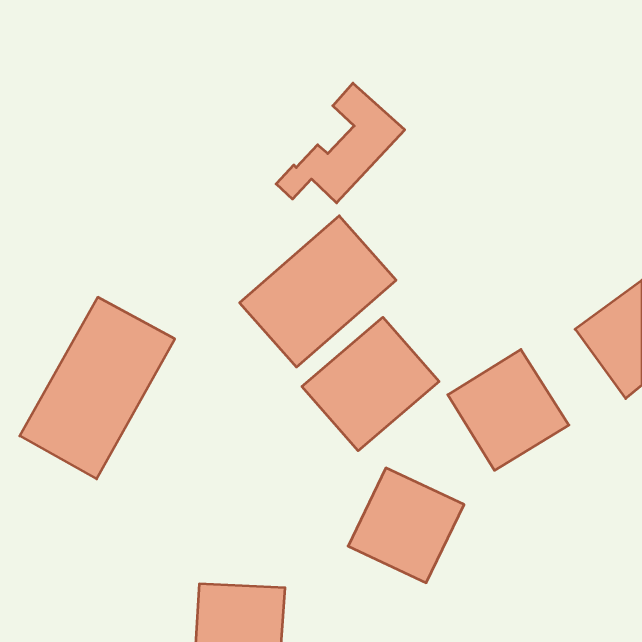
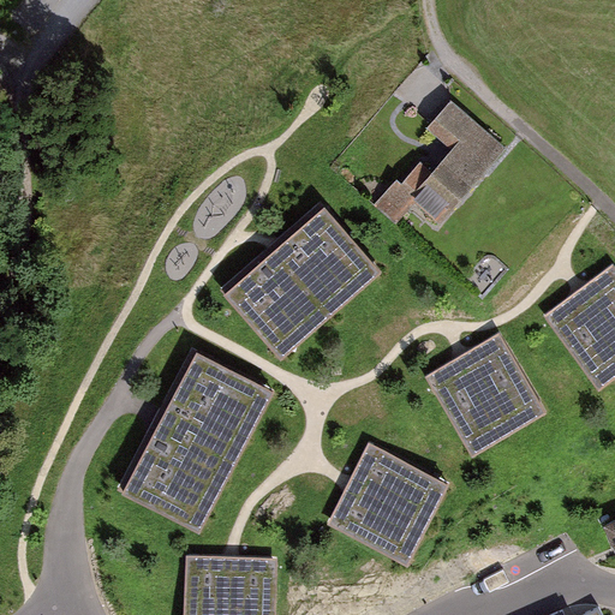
building: [276,83,405,203] -> [378,105,501,219]
building: [20,297,175,479] -> [121,354,269,527]
building: [302,317,439,451] -> none

